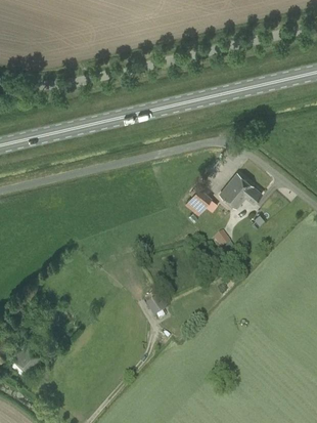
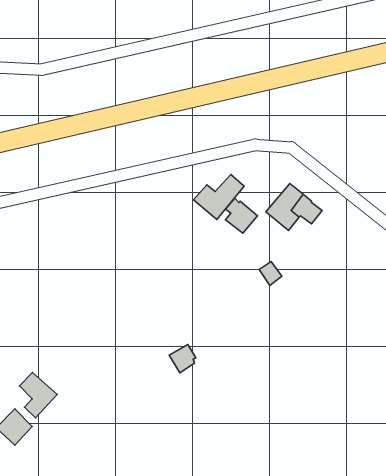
building: none -> [194,174,244,219]
building: none -> [20,372,57,418]

